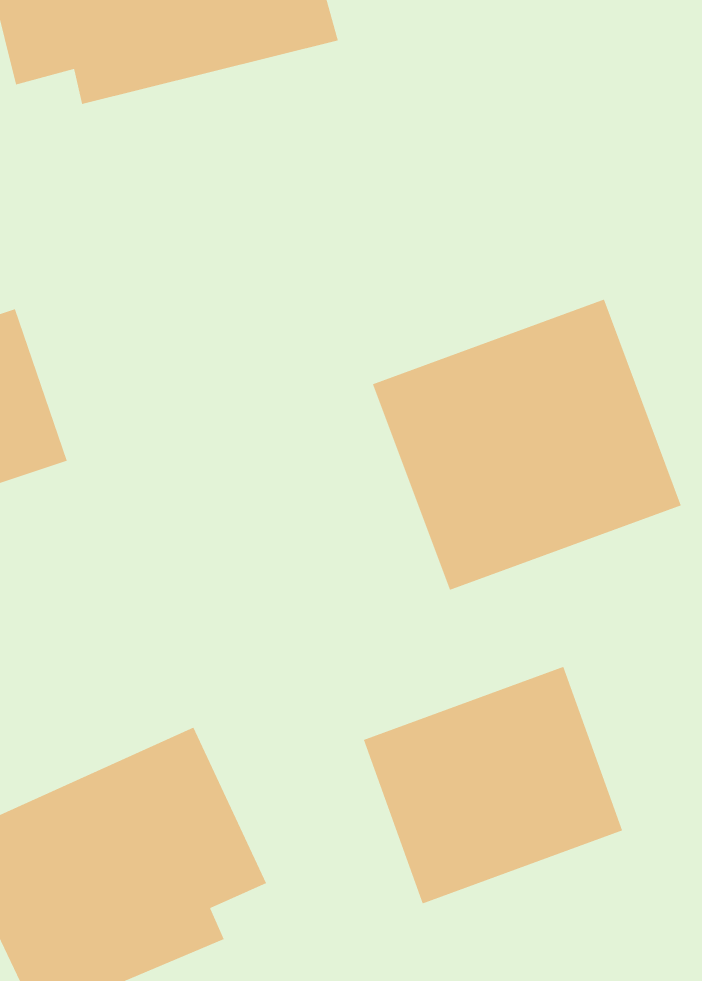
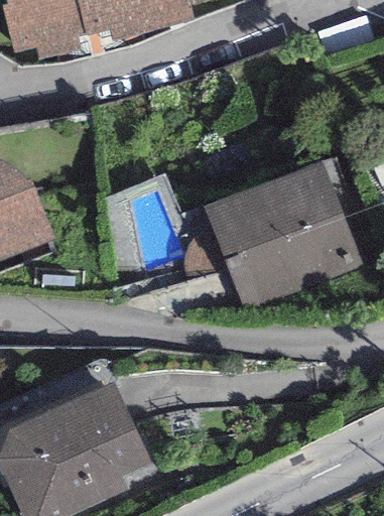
building: [363,666,623,904] -> none

